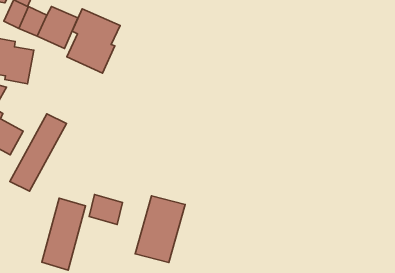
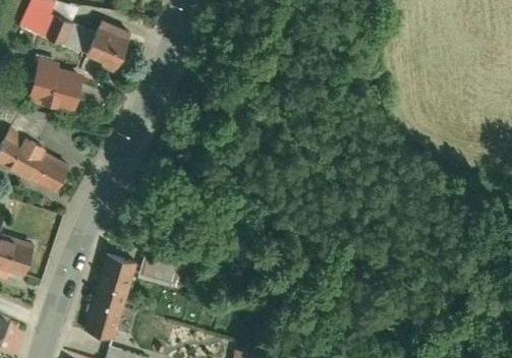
building: [67,9,120,73] -> none
building: [10,114,66,191] -> none
building: [135,196,185,263] -> none

